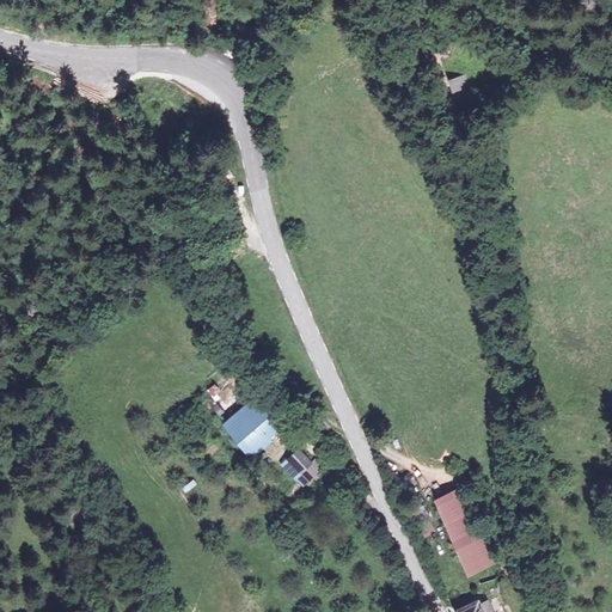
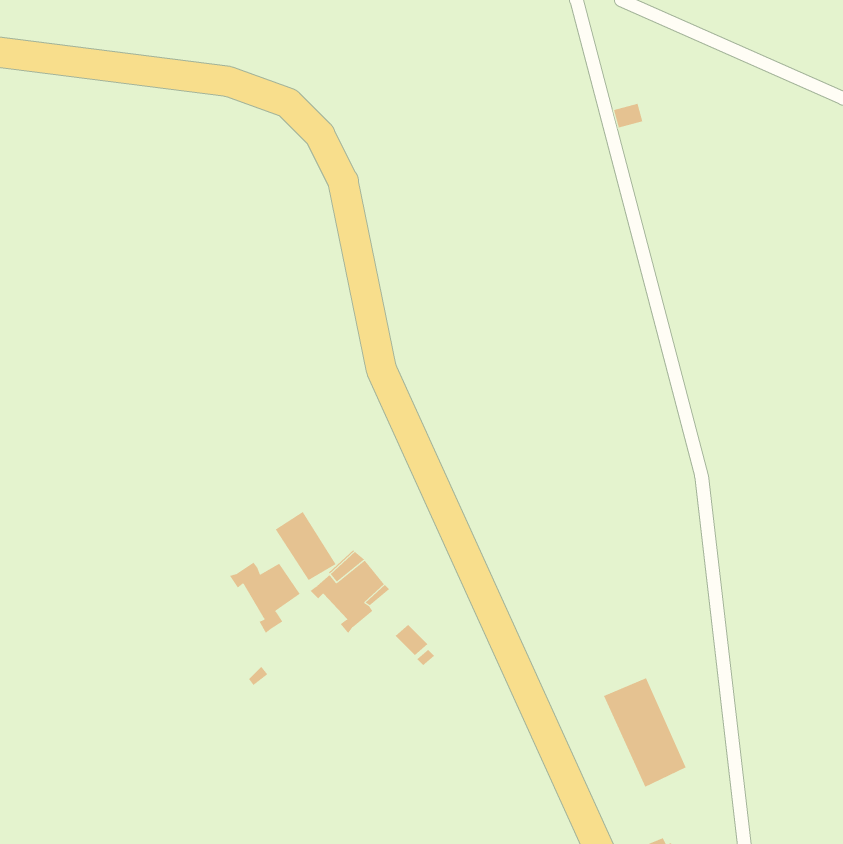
building: none -> [229,562,301,634]

